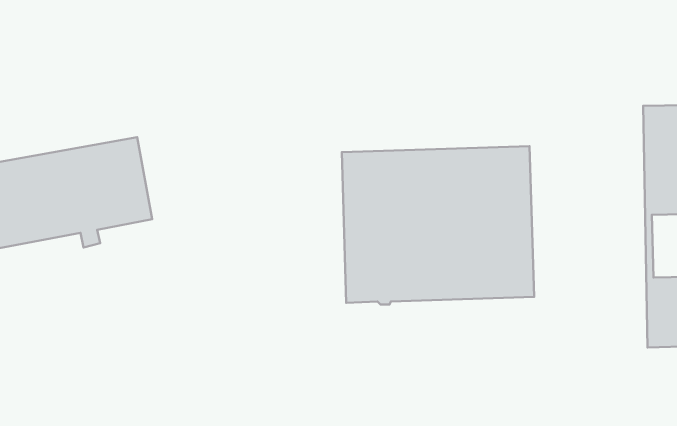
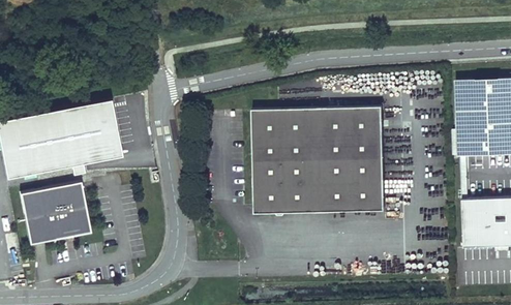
building: none -> [19,182,89,244]

